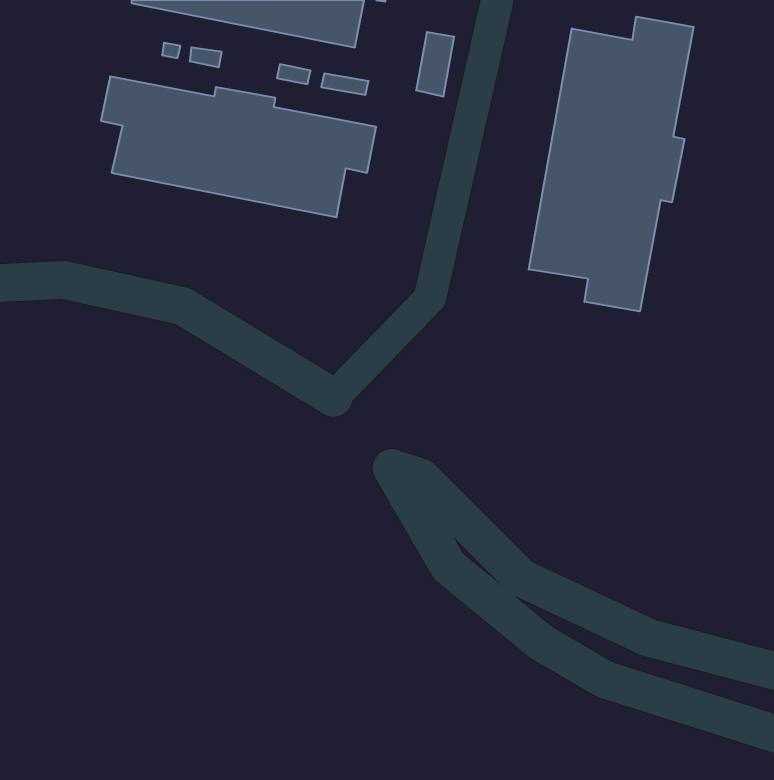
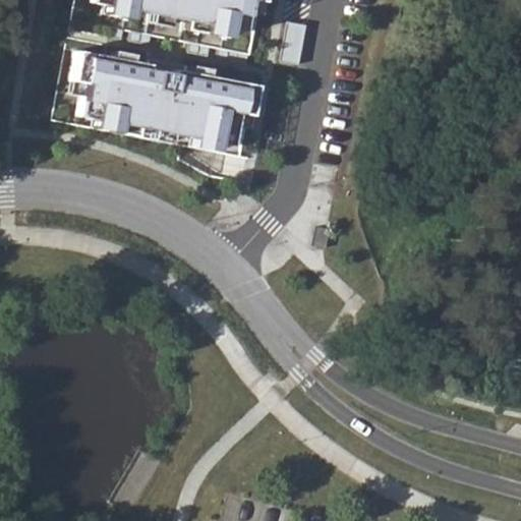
building: [529,17,693,311] -> none

